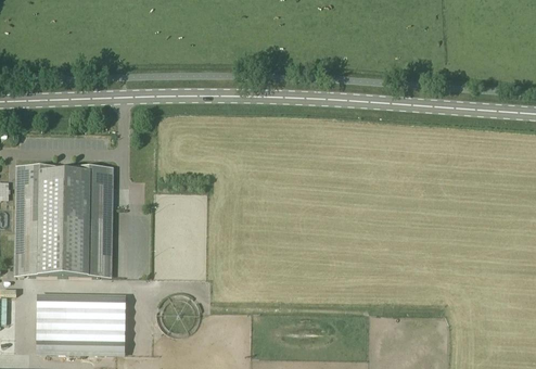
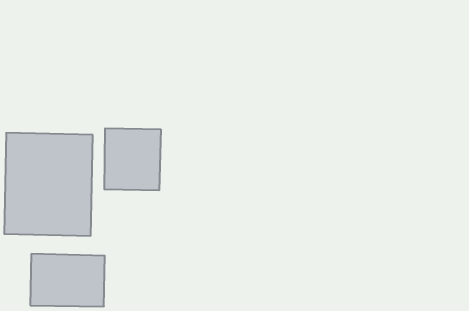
building: none -> [104,128,161,190]

